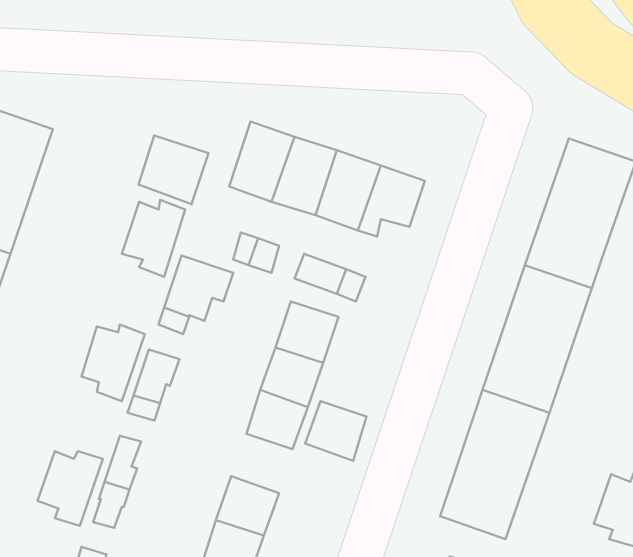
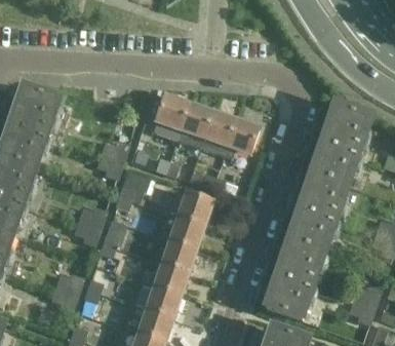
building: [138,136,208,204] -> none
building: [305,401,366,461] -> [154,264,187,296]

